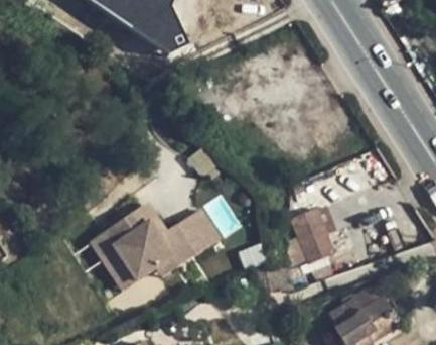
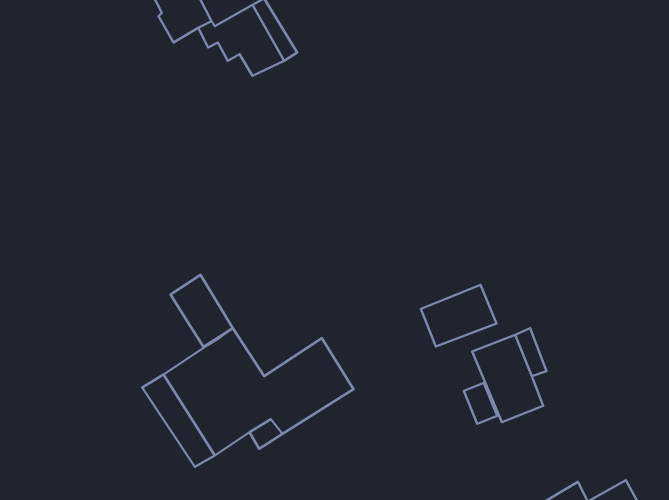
building: none -> [170,275,233,347]
building: none -> [421,285,496,346]

